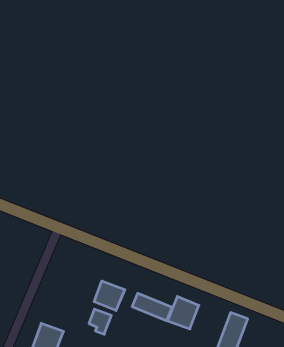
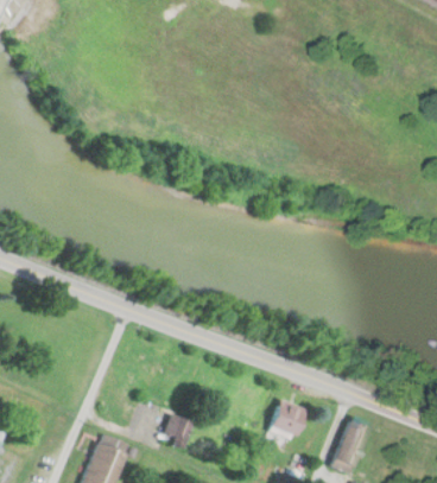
building: [94,281,125,311] -> none
building: [132,293,172,321] -> none

